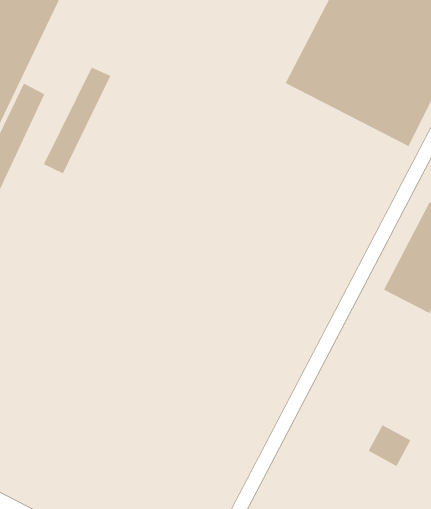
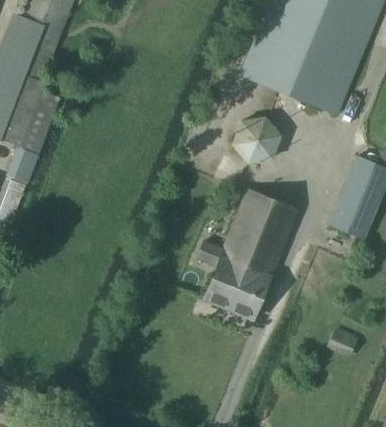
building: [43,67,111,174] -> none
building: none -> [232,115,282,163]
building: none -> [198,191,296,319]

